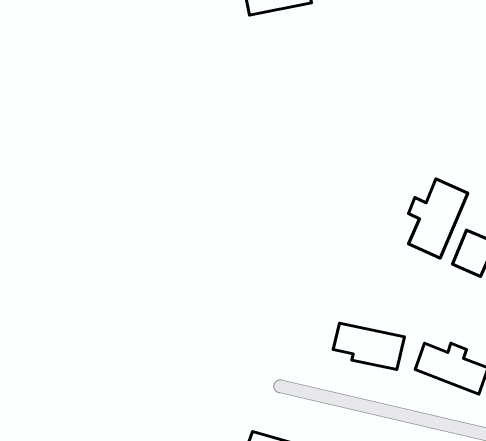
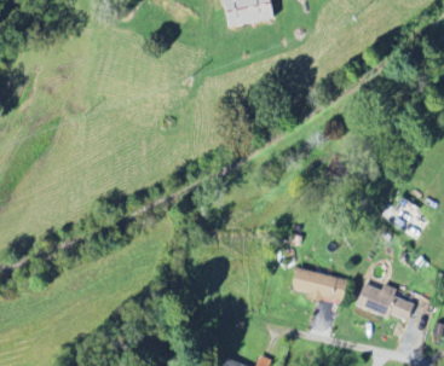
building: [408,179,468,258] -> none

